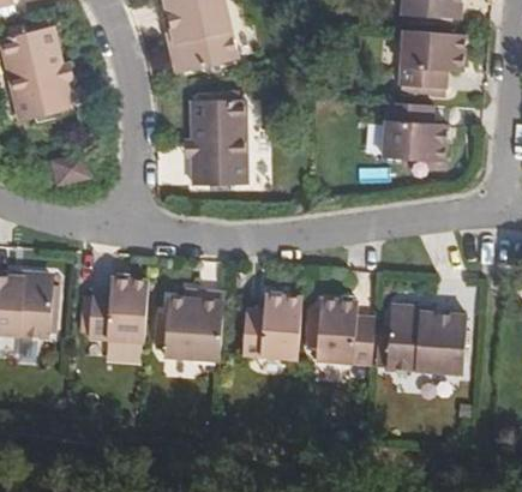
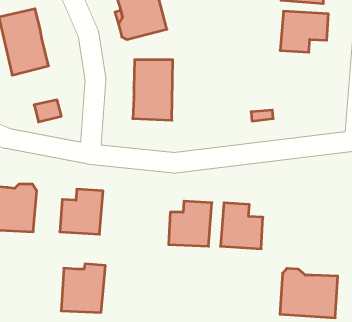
building: [384,101,454,161] -> none
building: [161,295,223,364] -> [61,264,105,312]
building: [383,307,464,377] -> [280,268,338,318]

